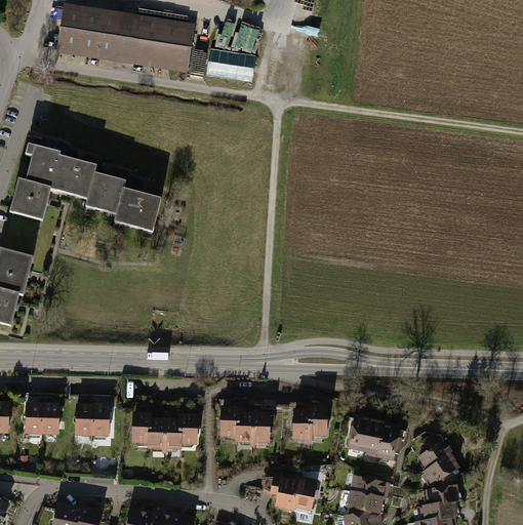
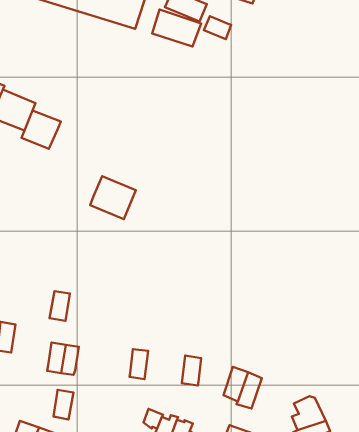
building: none -> [204,16,231,39]
building: [114,191,160,233] -> [90,176,136,219]
building: [312,406,329,436] -> none
building: [222,408,239,438] -> none
building: [254,411,272,442] -> none
building: [133,413,151,443] -> [49,291,70,321]
building: [180,415,198,445] -> [53,390,74,420]
building: [373,421,396,460] -> none

